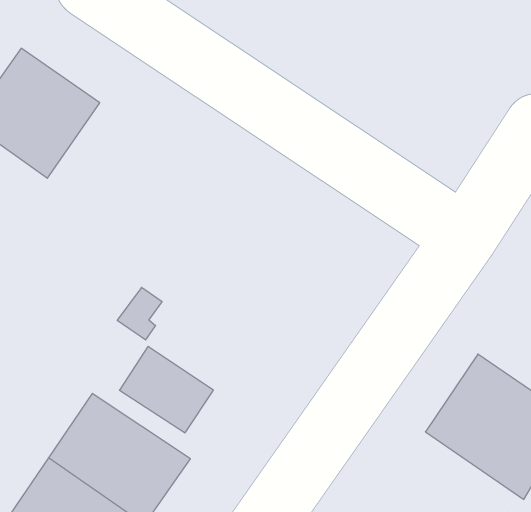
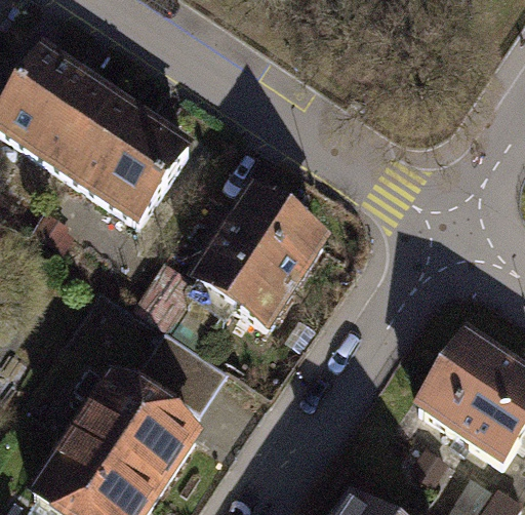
building: none -> [67,98,190,221]
building: none -> [192,186,328,325]

